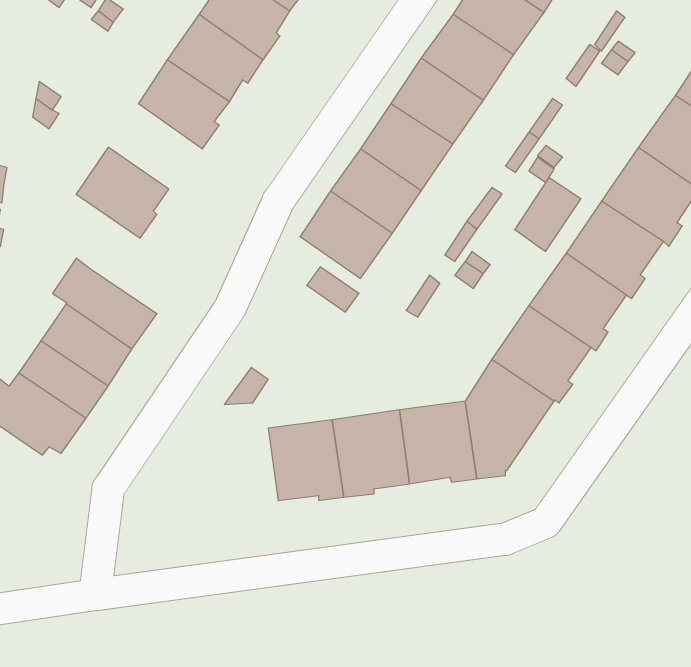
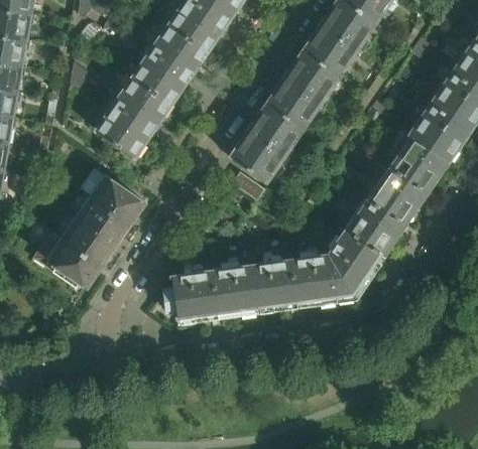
building: none -> [115,76,171,127]
building: [515,177,581,251] -> none
building: none -> [164,270,217,322]

